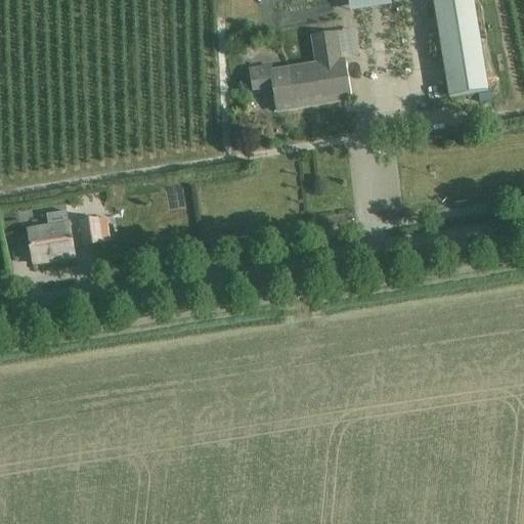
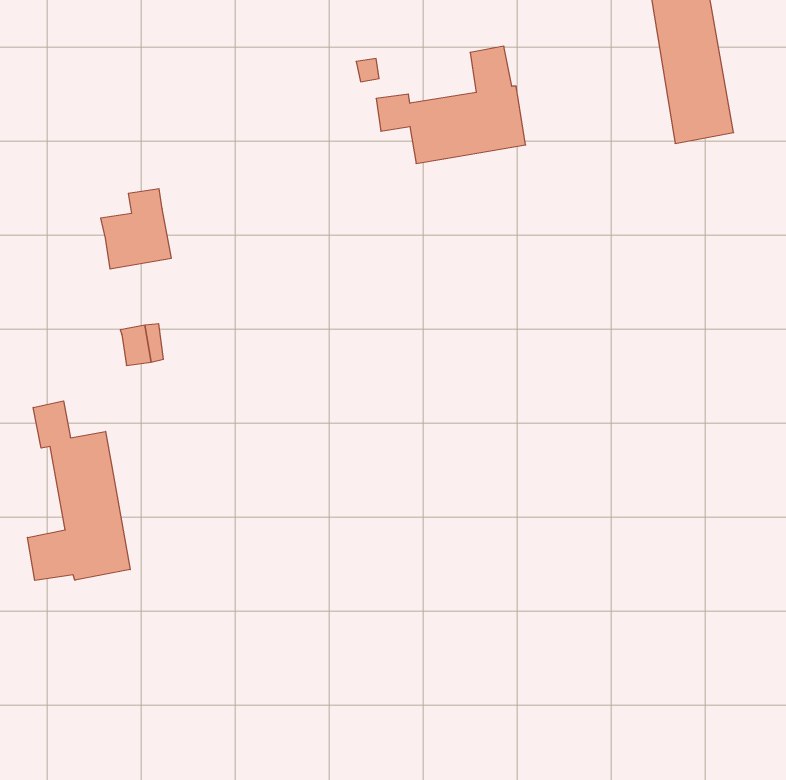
building: [27,208,74,261] -> [101,189,171,269]
building: none -> [27,401,130,580]

